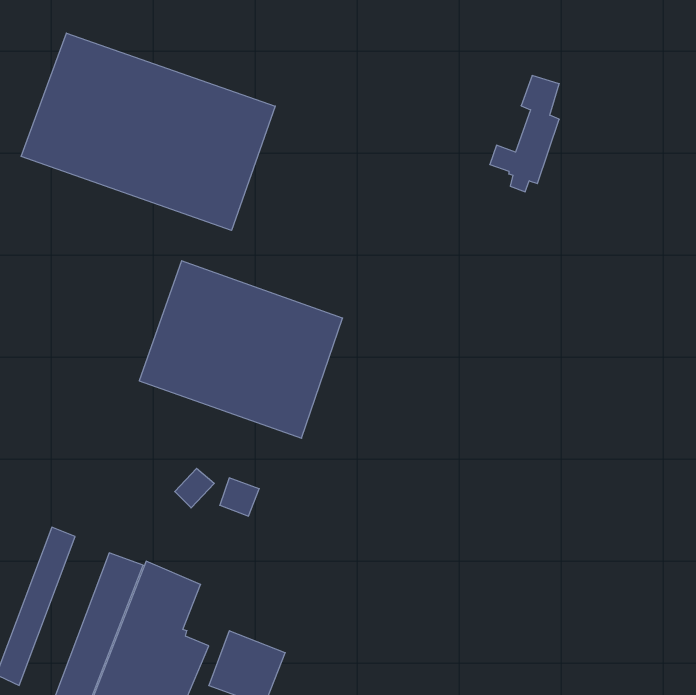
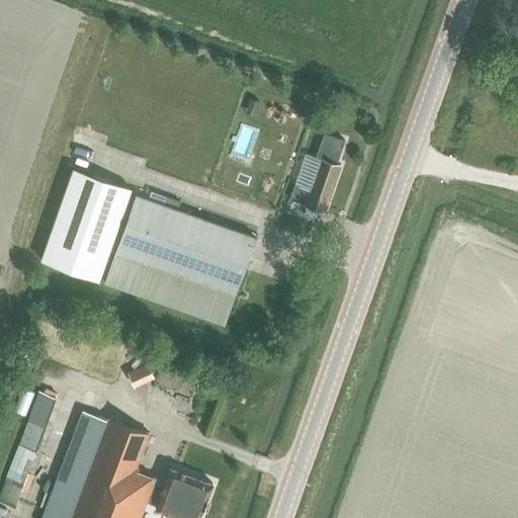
building: [21,33,275,230] -> none
building: [490,76,559,192] -> [288,134,340,220]
building: none -> [40,179,130,288]

